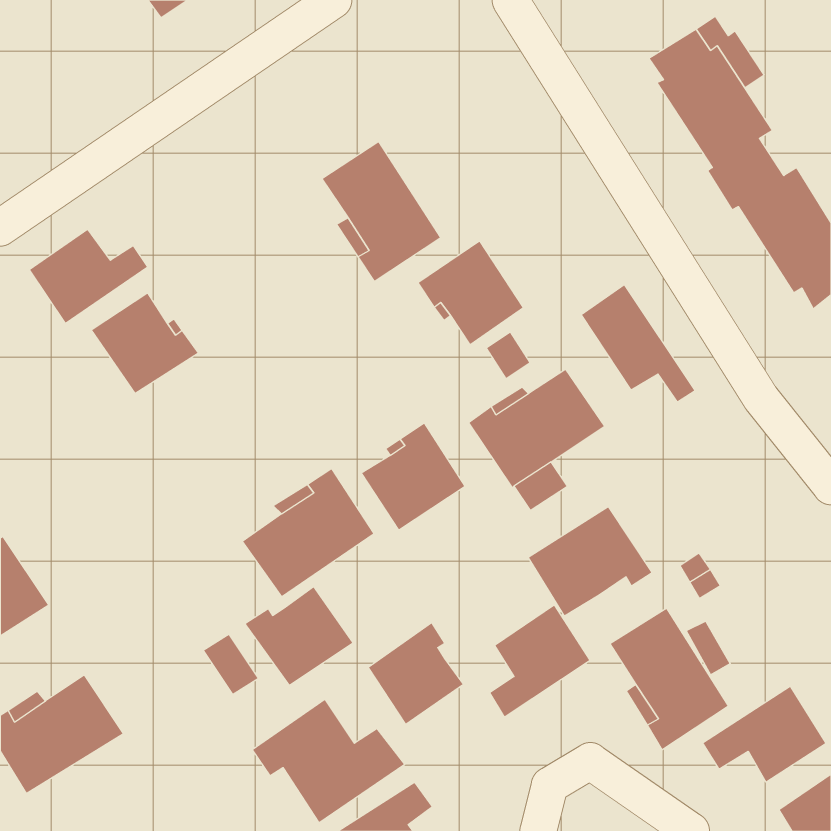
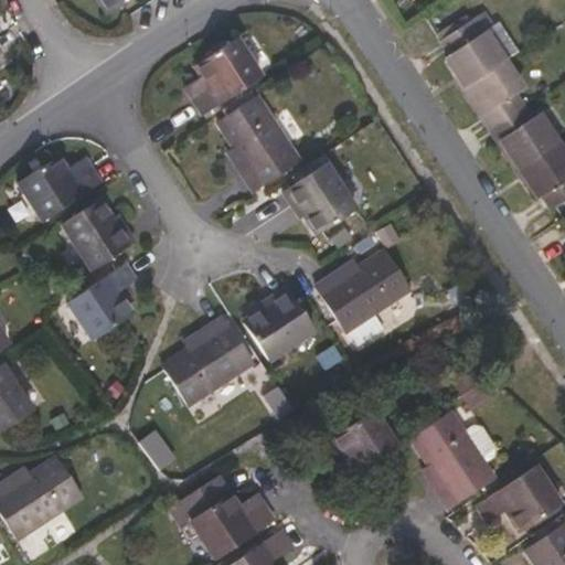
building: none -> [194,39,262,114]
building: [581,284,695,402] -> none
building: none -> [68,264,136,339]
building: [528,507,652,616] -> none
building: [245,586,353,686] -> none
building: [368,622,464,724] -> none

